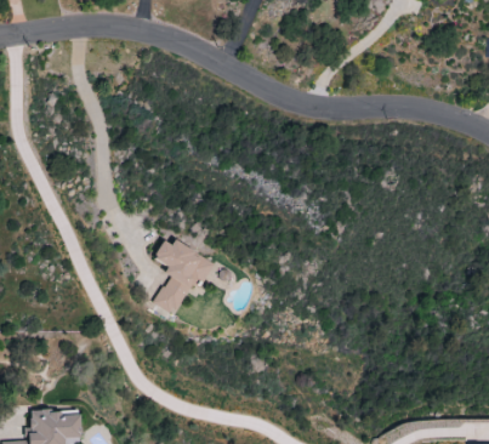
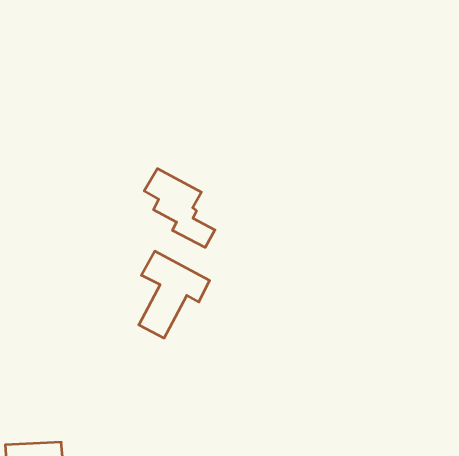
building: none -> [144,169,215,247]

